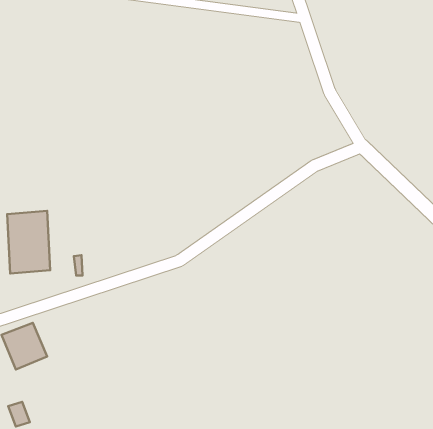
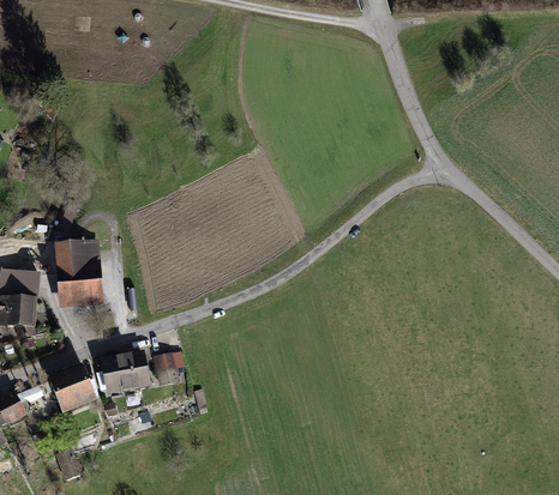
building: none -> [101,349,152,394]
building: none -> [154,351,178,384]

